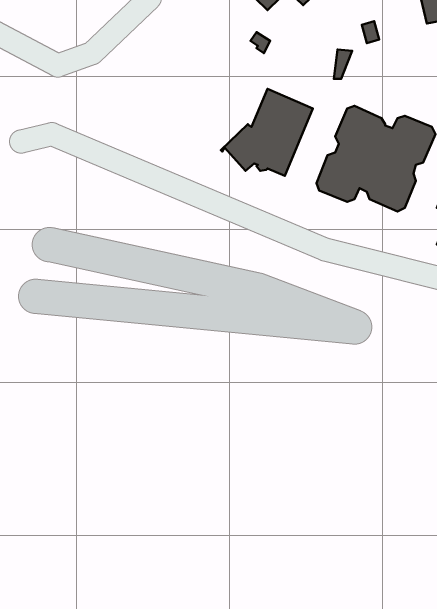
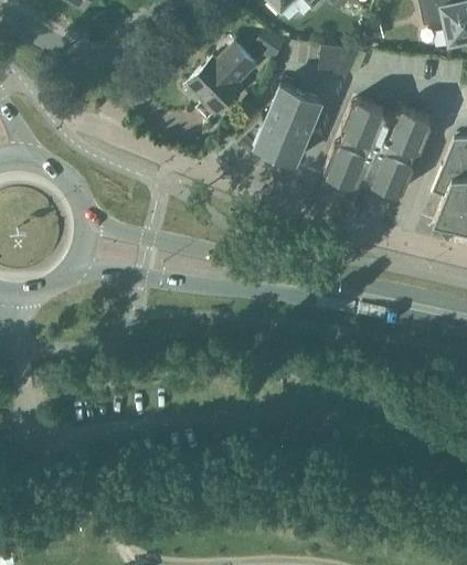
building: none -> [187,43,256,115]

